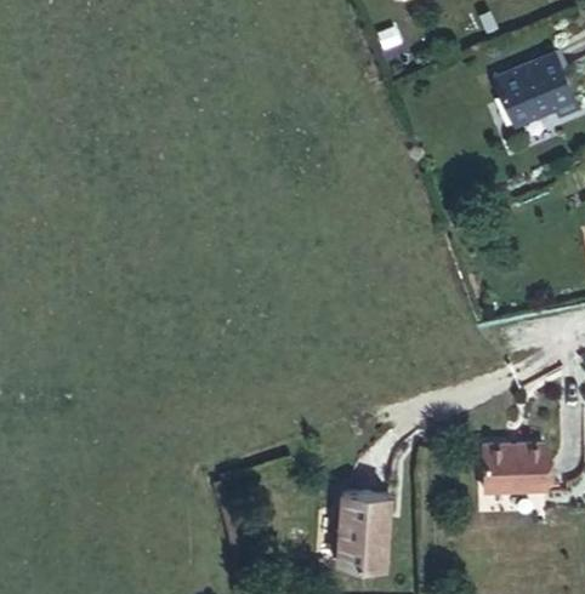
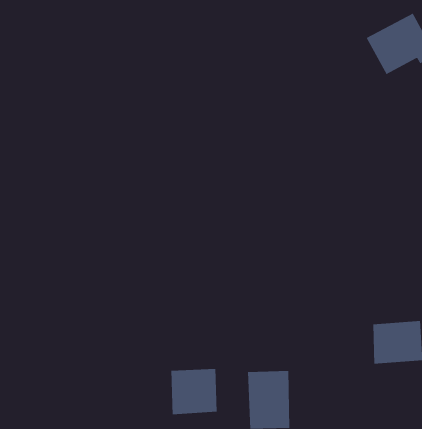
building: none -> [171,368,217,415]

